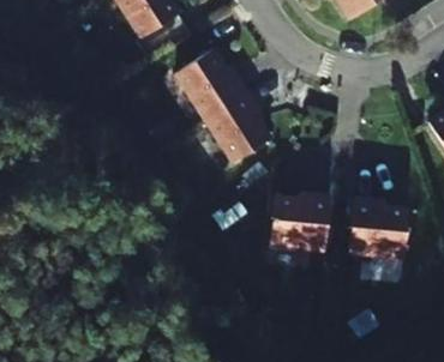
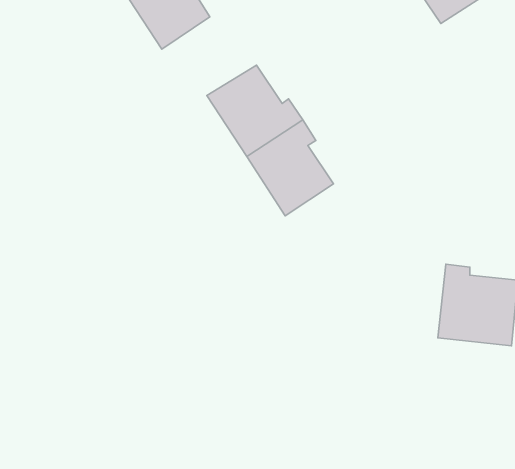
building: [270,195,330,253] -> none

